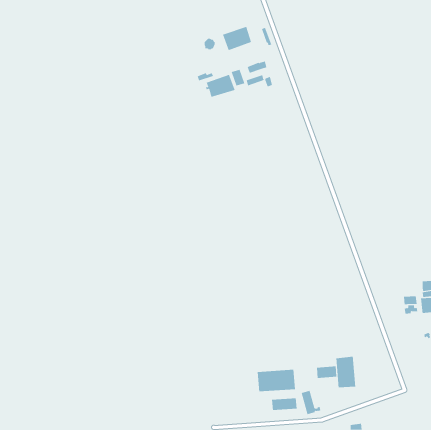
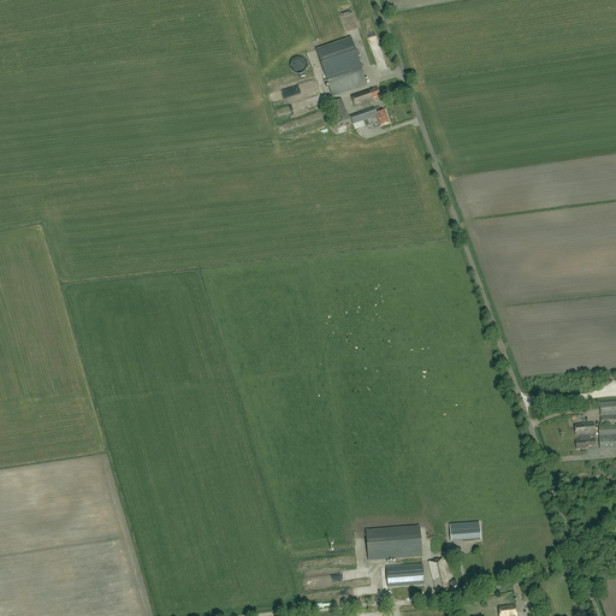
building: [205,74,235,98] -> [325,60,368,94]
building: [336,356,356,388] -> none

